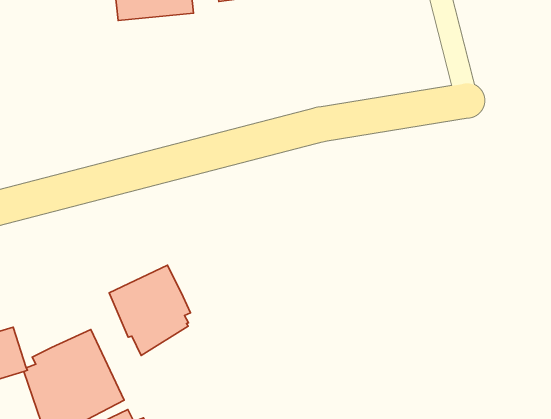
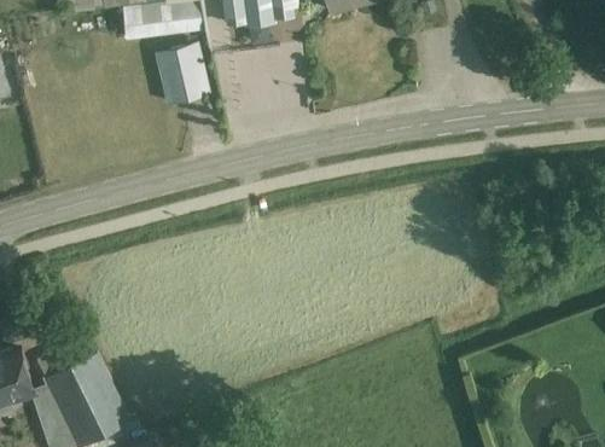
building: none -> [156,51,205,105]
building: [109,265,190,355] -> none

